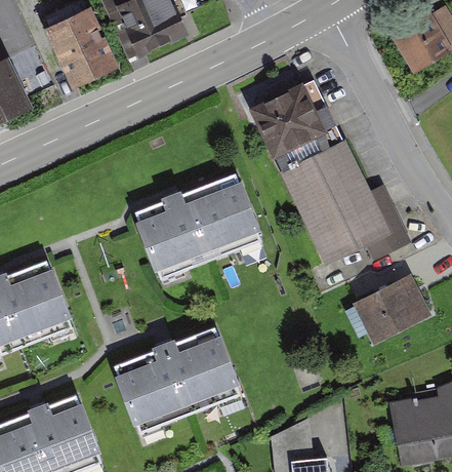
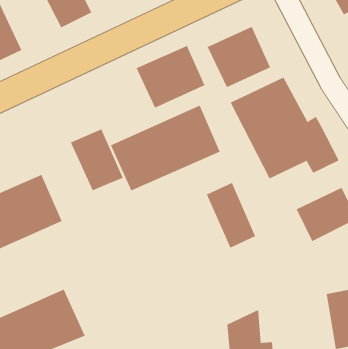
building: none -> [136,45,205,109]
building: none -> [70,129,123,191]
building: none -> [206,182,256,249]
building: [112,327,244,431] -> none

